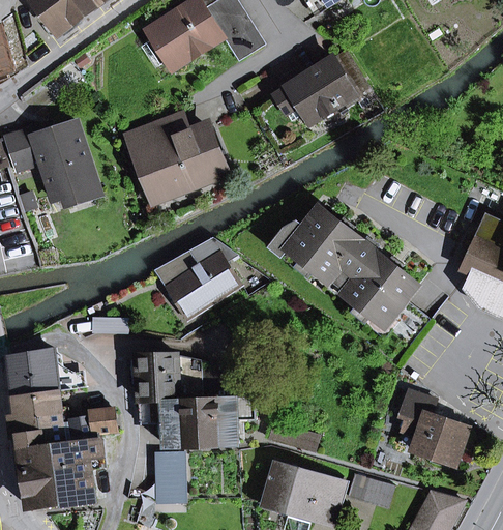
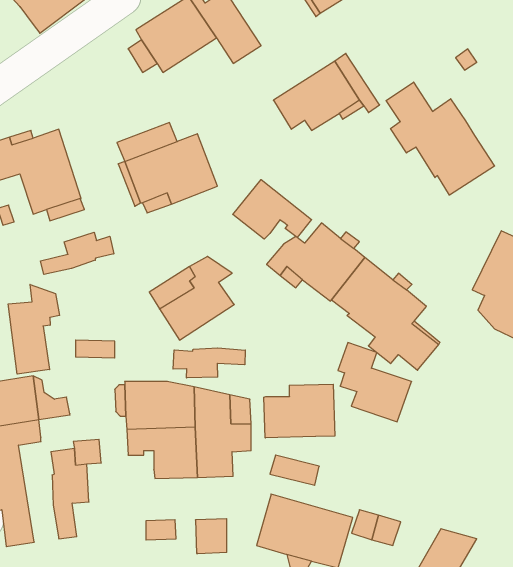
building: none -> [386,82,495,195]
building: none -> [233,180,312,239]
building: none -> [41,232,114,274]
building: none -> [8,284,60,374]
building: none -> [173,348,245,378]
building: none -> [264,384,335,438]
building: [398,391,467,465] -> [338,343,412,422]
building: [38,406,76,504] -> none
building: [154,452,183,484] -> [195,519,227,553]

